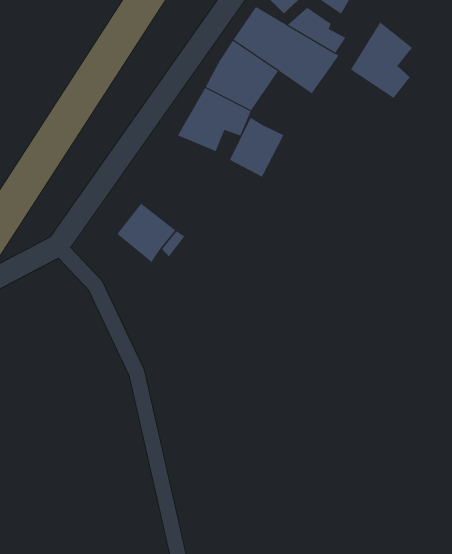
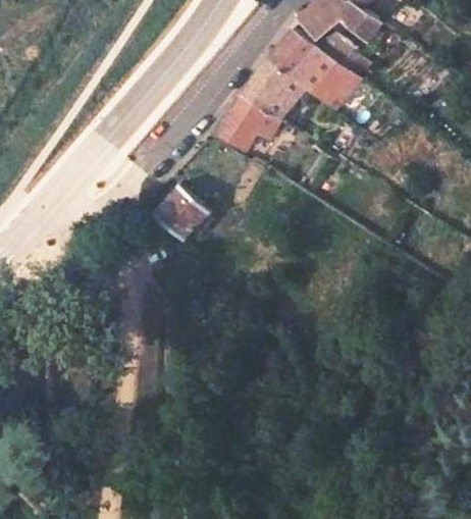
building: [350,22,413,99] -> none
building: [229,117,284,177] -> none

